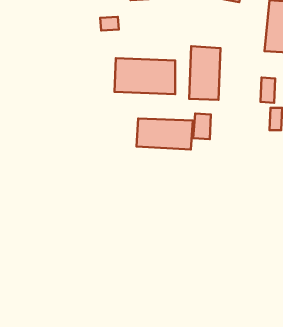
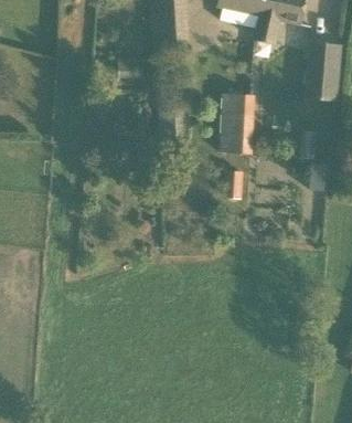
building: [115,58,175,94] -> none
building: [136,118,193,150] -> none

